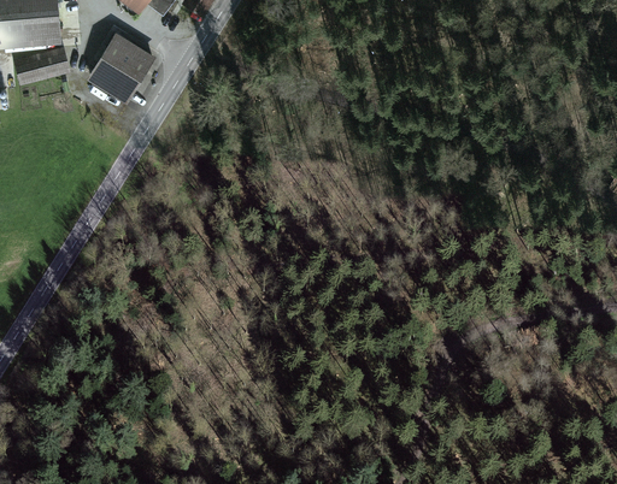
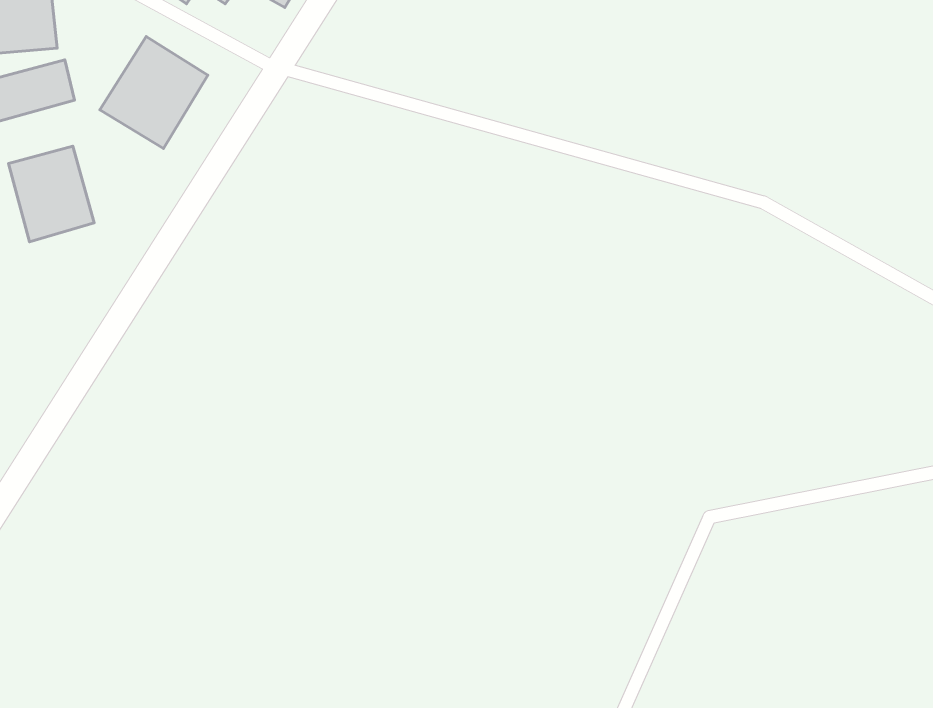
building: none -> [9,146,94,242]

